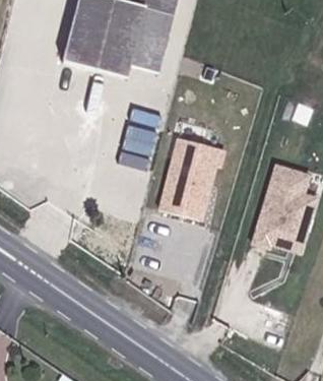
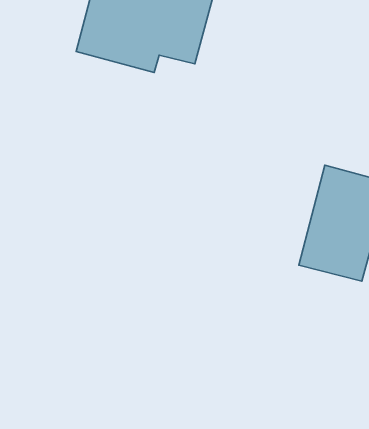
building: [155,136,215,217] -> none

